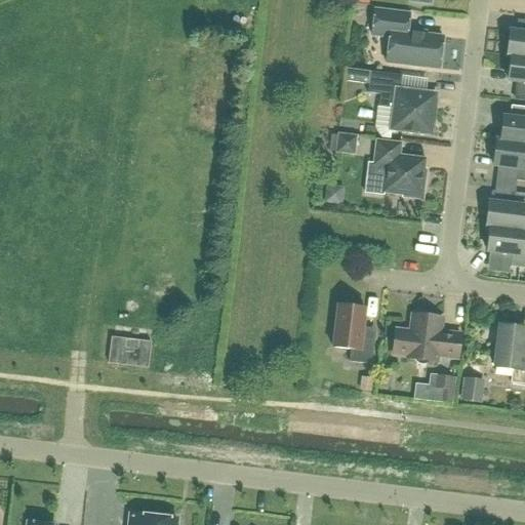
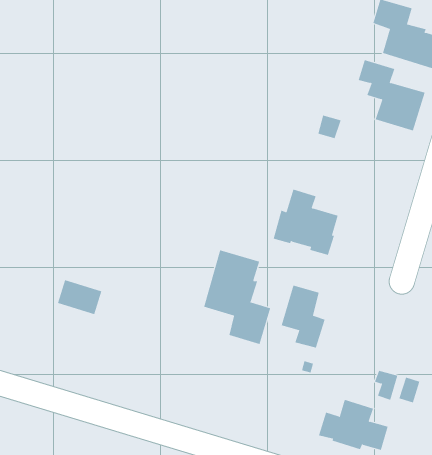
building: [365,138,426,198] -> [273,189,338,255]
building: none -> [204,249,271,345]
building: [393,313,460,360] -> [318,399,389,450]

